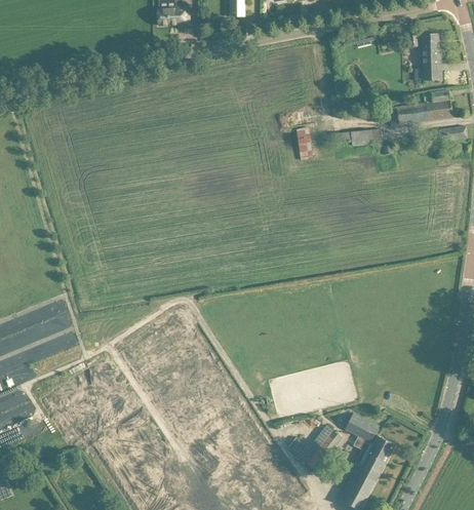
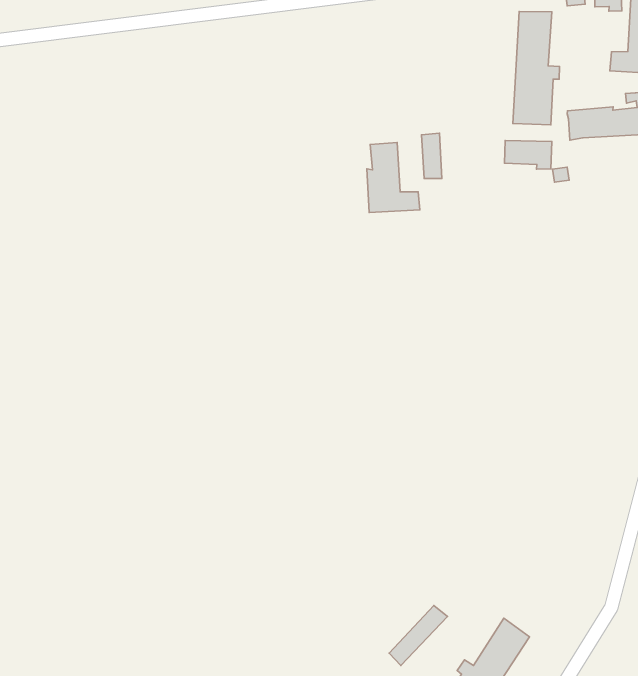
building: none -> [513,11,559,125]
building: none -> [367,142,420,212]
building: [345,411,380,441] -> none

